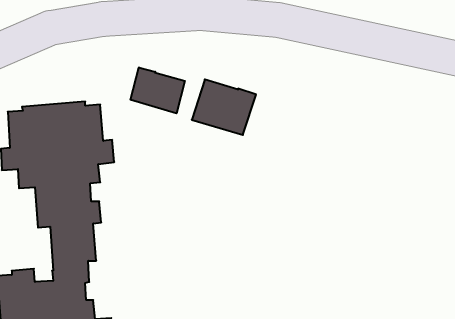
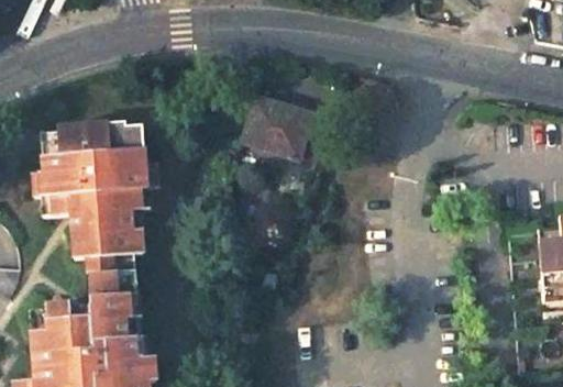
building: [130,67,185,113] -> none

